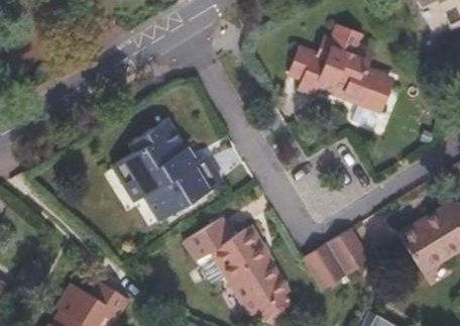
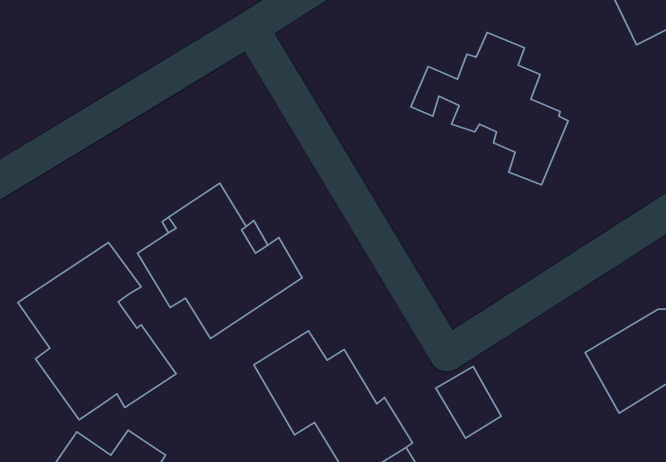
building: none -> [18,243,176,420]
building: [329,227,369,274] -> none

